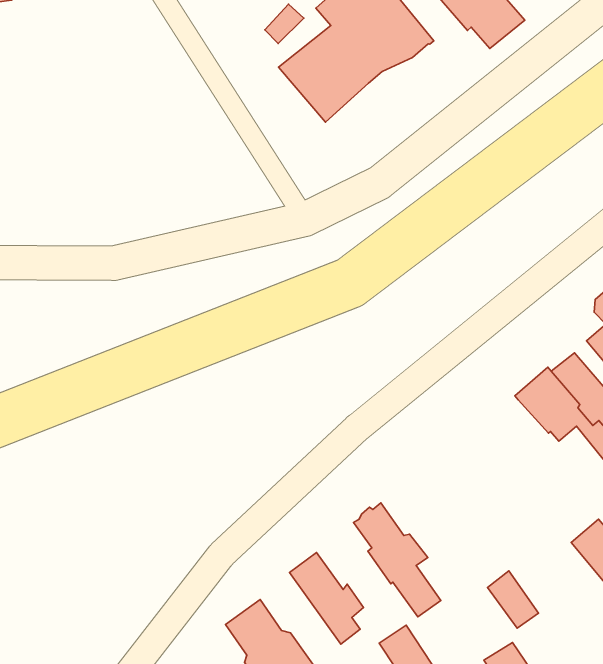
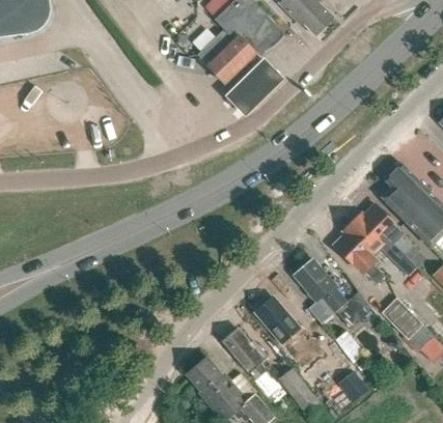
building: none -> [224,57,282,115]
building: none -> [334,232,385,283]
building: none -> [295,257,371,326]

